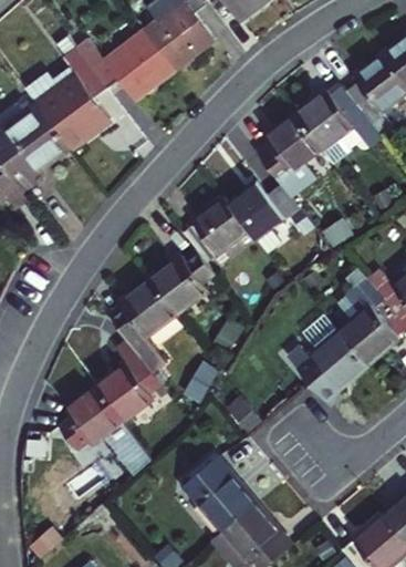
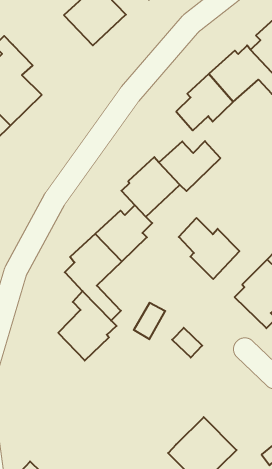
building: [80,30,169,97] -> none
building: none -> [179,218,239,279]
building: [59,388,154,475] -> none
building: [187,458,251,527] -> none

